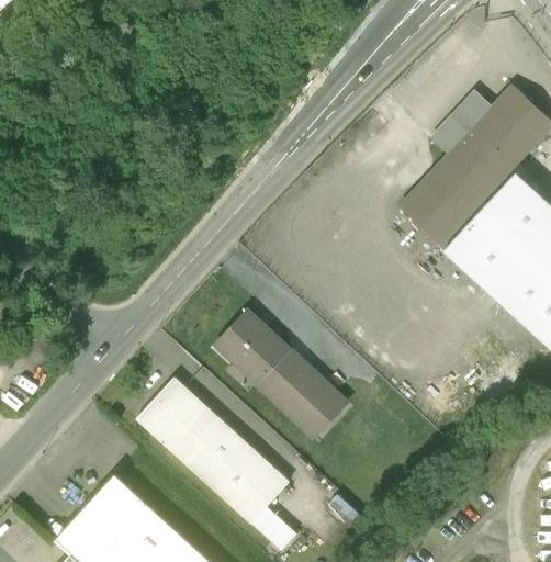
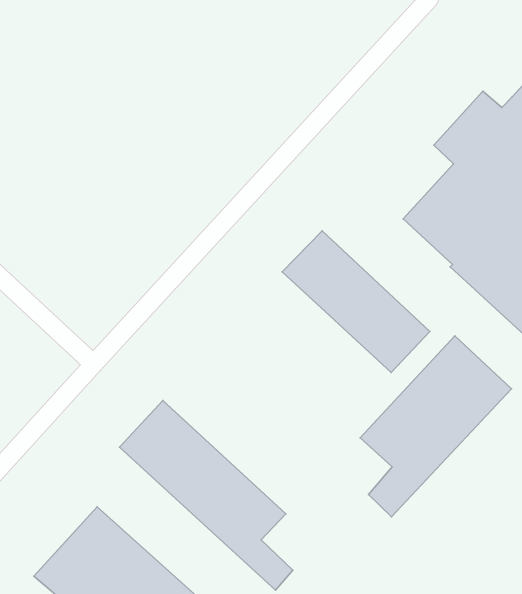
building: [212,310,350,442] -> [282,231,430,373]
building: none -> [360,336,511,517]

